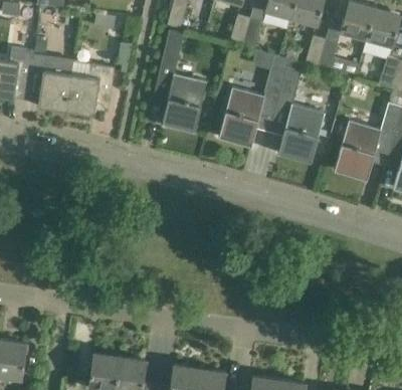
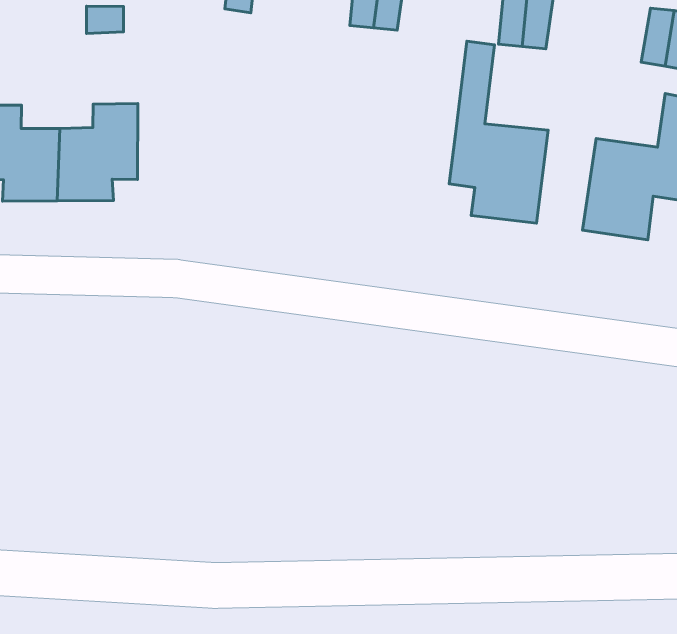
building: [154,30,207,129] -> none
building: [219,56,289,143] -> none

